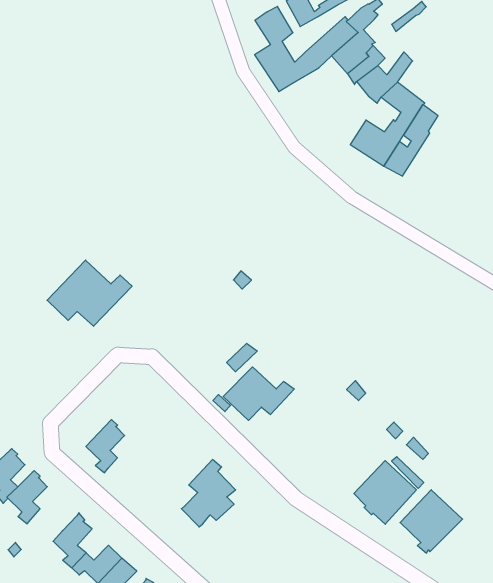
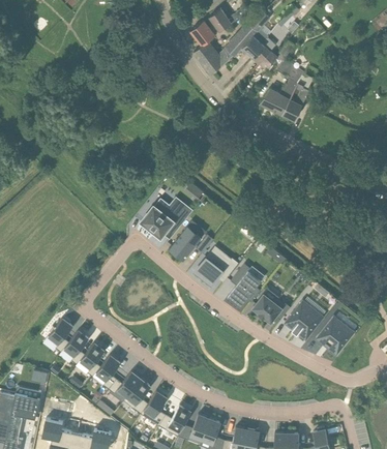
building: [47,260,132,326] -> [137,198,189,239]
building: none -> [169,227,203,262]
building: [86,420,125,473] -> [82,342,106,377]
building: none -> [254,295,291,323]
building: [181,460,236,527] -> [228,265,261,308]

